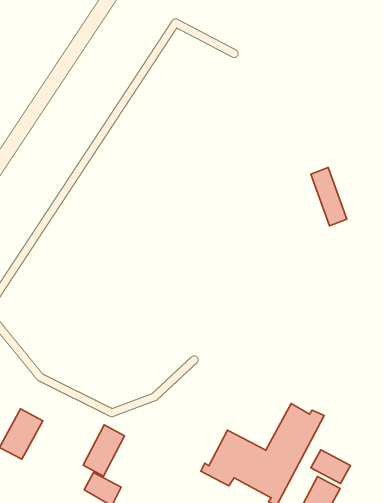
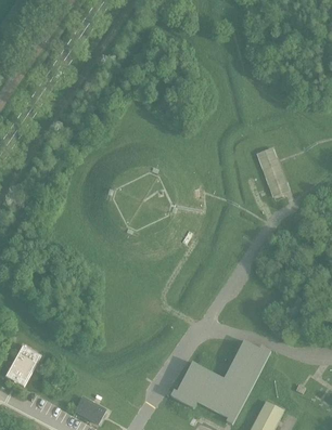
building: [83,425,124,476] -> none
building: [311,450,351,484] -> none

